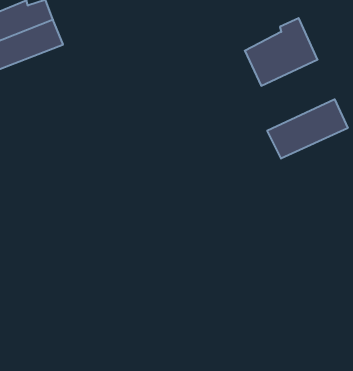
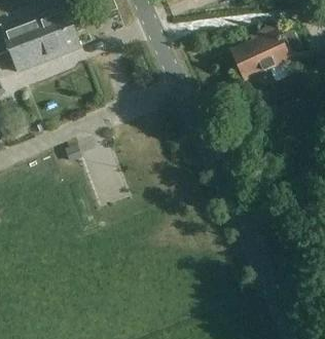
building: [267,99,348,159] -> none

